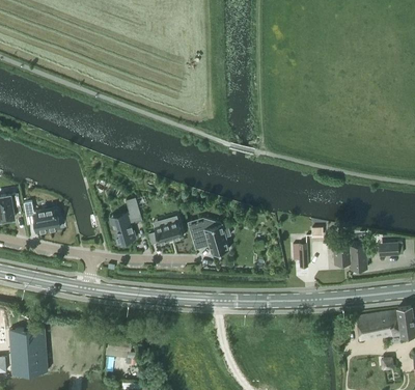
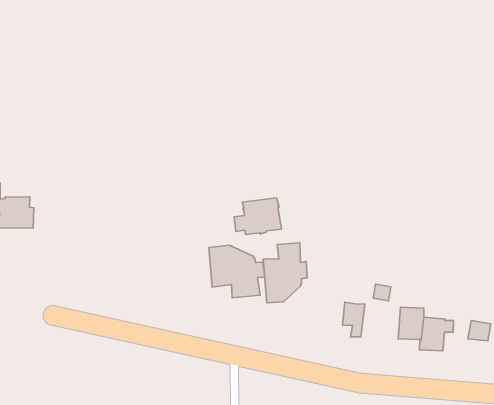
building: [110,197,142,244] -> none
building: none -> [263,243,307,303]
building: [148,216,184,246] -> [234,198,281,235]

